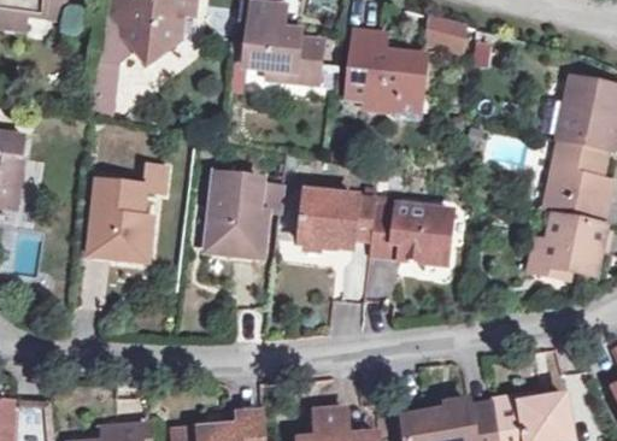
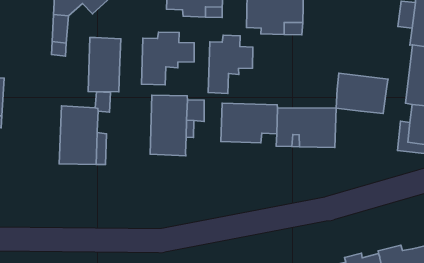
building: none -> [88,37,121,92]
building: none -> [142,32,194,85]
building: none -> [208,35,253,93]
building: none -> [336,73,388,114]

